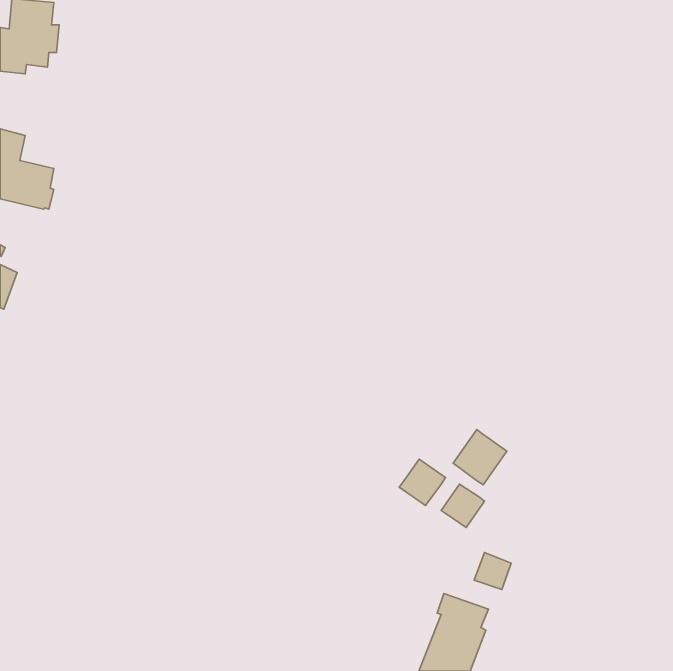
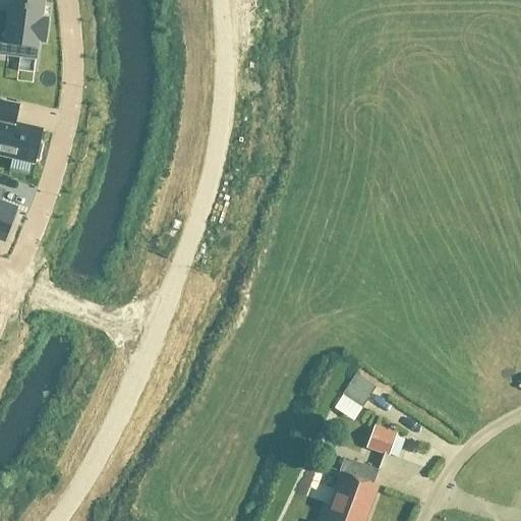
building: [453,430,507,485] -> none
building: [399,459,446,506] -> none

